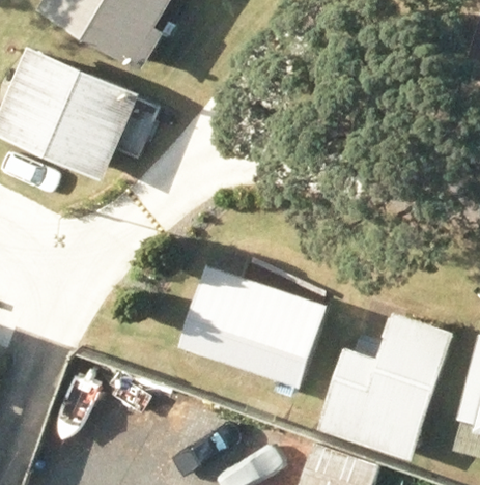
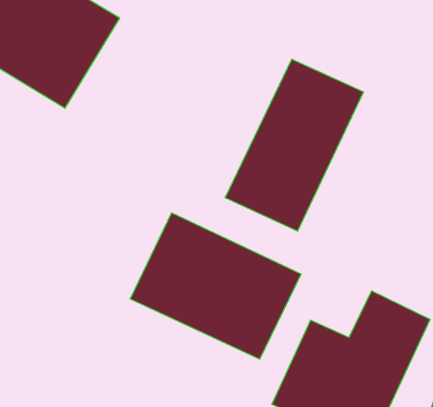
building: none -> [225,59,364,231]

